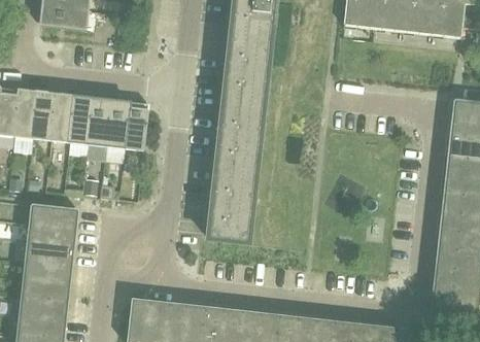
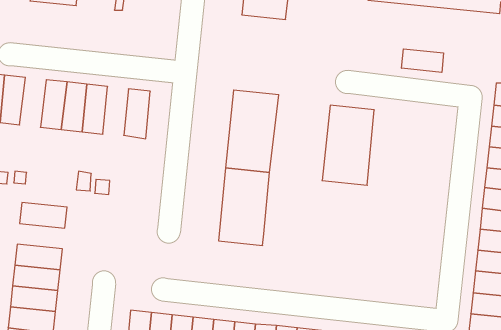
building: [222,38,269,109] -> [322,105,374,185]
building: none -> [402,49,443,72]
building: [32,94,56,138] -> none
building: [106,102,129,145] -> none
building: [30,224,72,246] -> none

